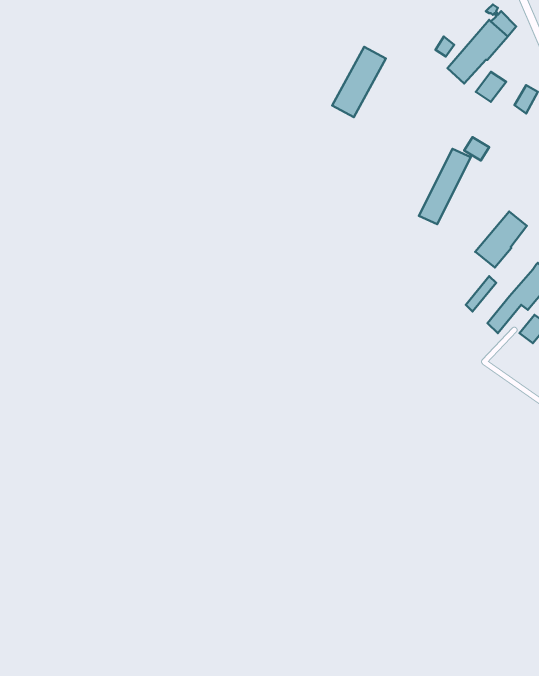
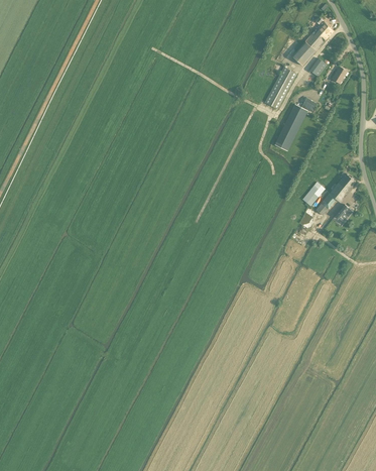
building: [332,47,386,117] -> [265,67,297,109]
building: [475,211,527,267] -> none

